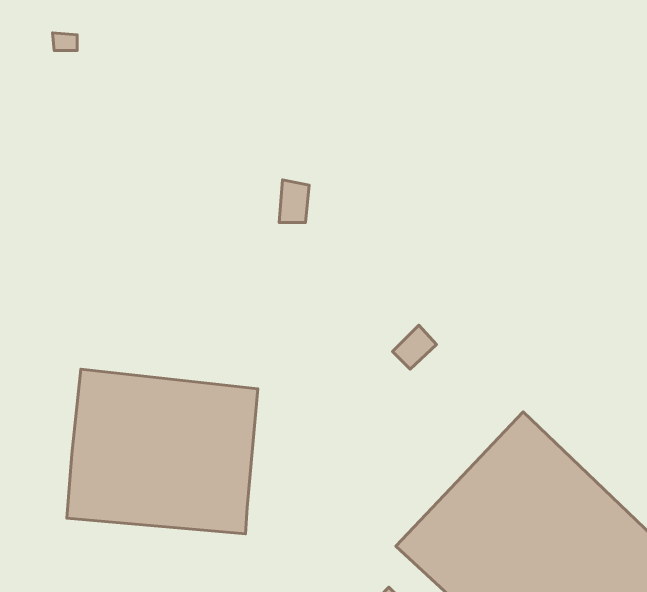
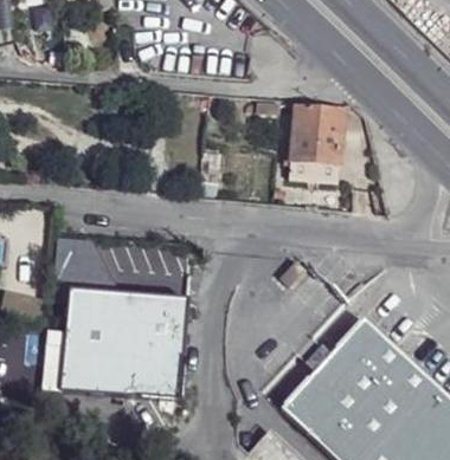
building: none -> [289,116,341,192]

